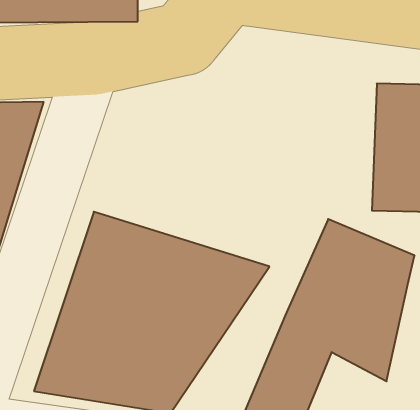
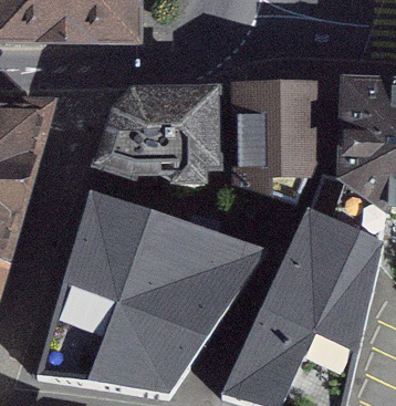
building: none -> [228,72,315,199]
building: none -> [104,75,216,179]

